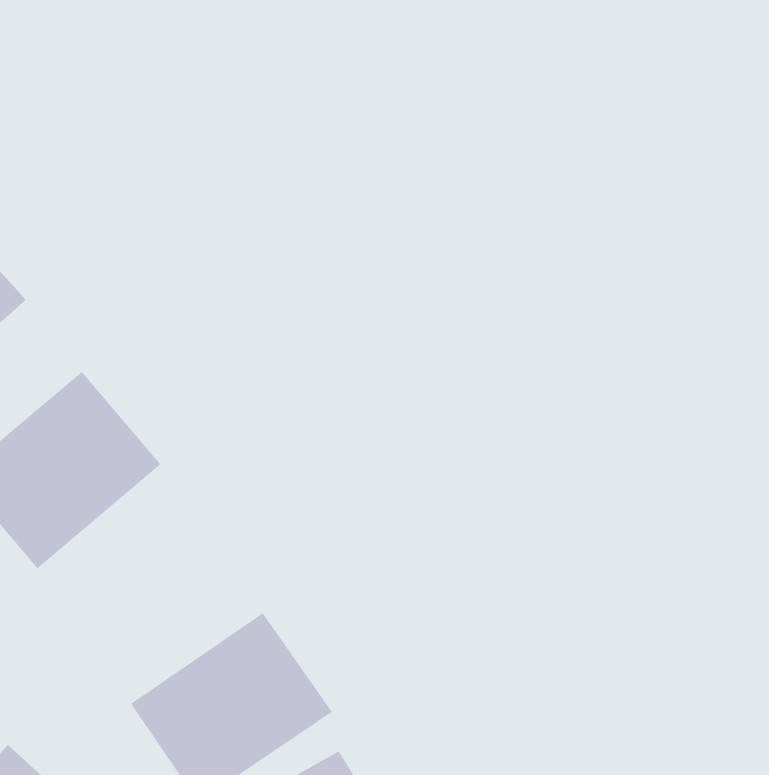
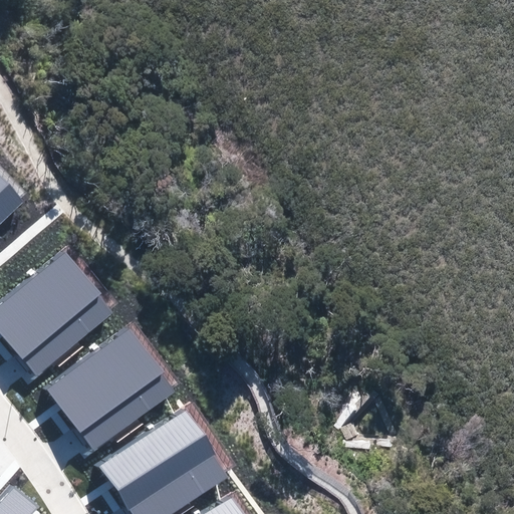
building: none -> [43,326,176,453]

